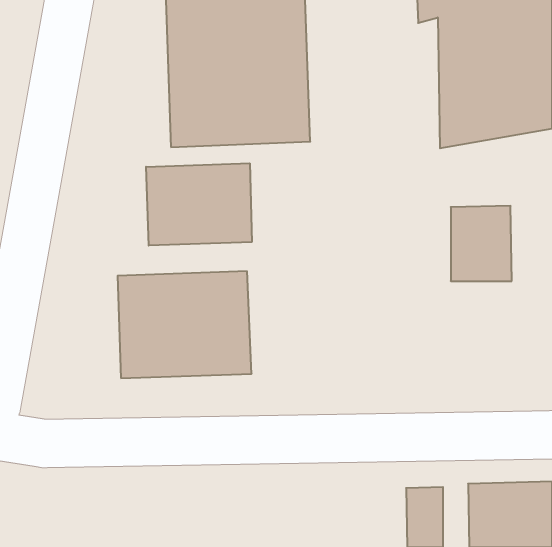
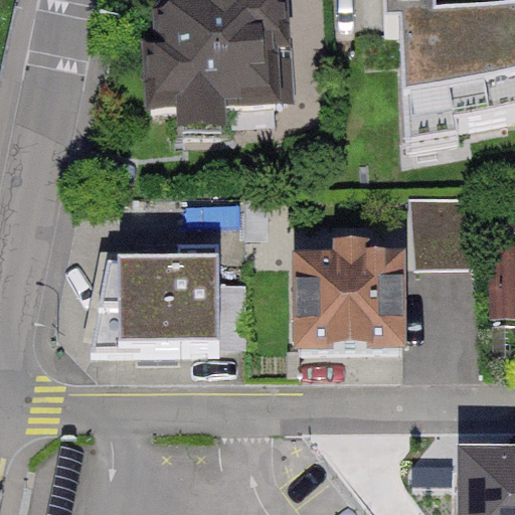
building: [146,163,252,246] -> none
building: none -> [293,241,408,342]

